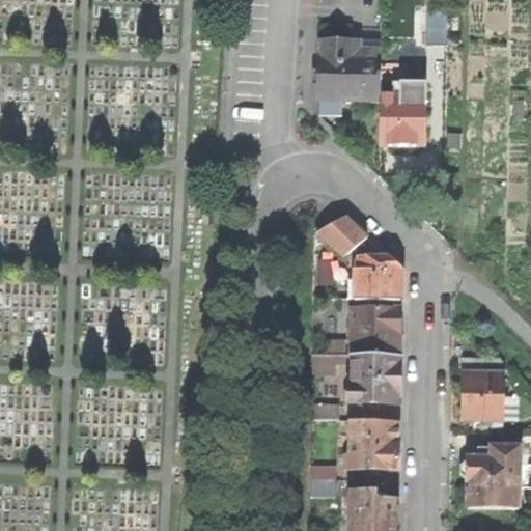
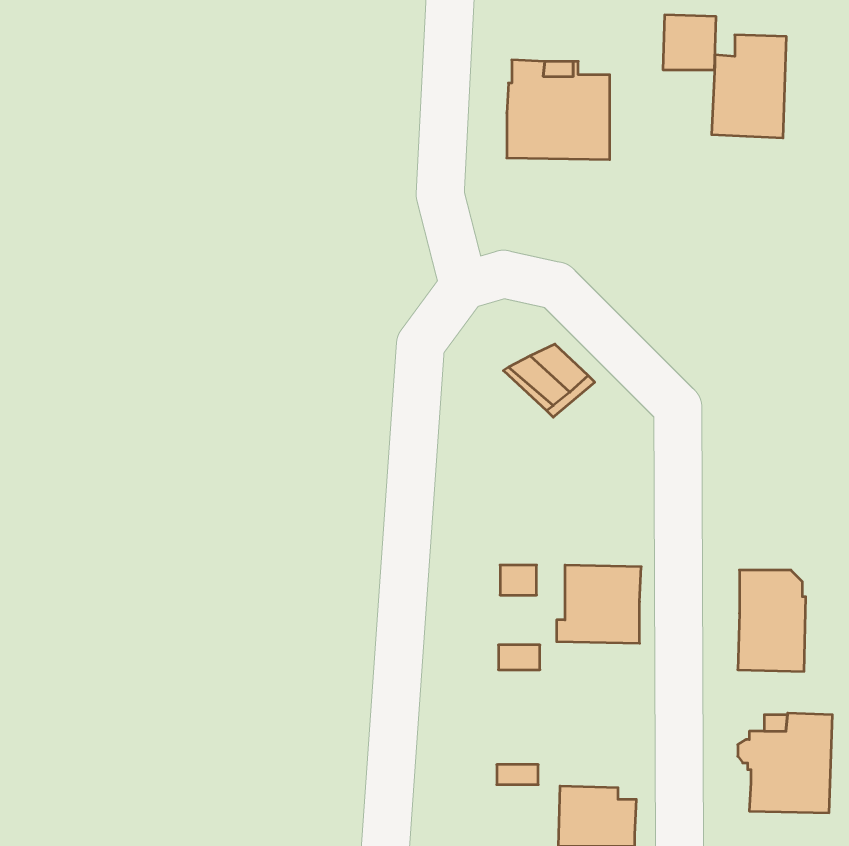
building: [379,81,425,145] -> [712,35,786,138]
building: [354,254,401,297] -> none
building: [351,306,400,354] -> none
building: [345,418,398,467] -> none

